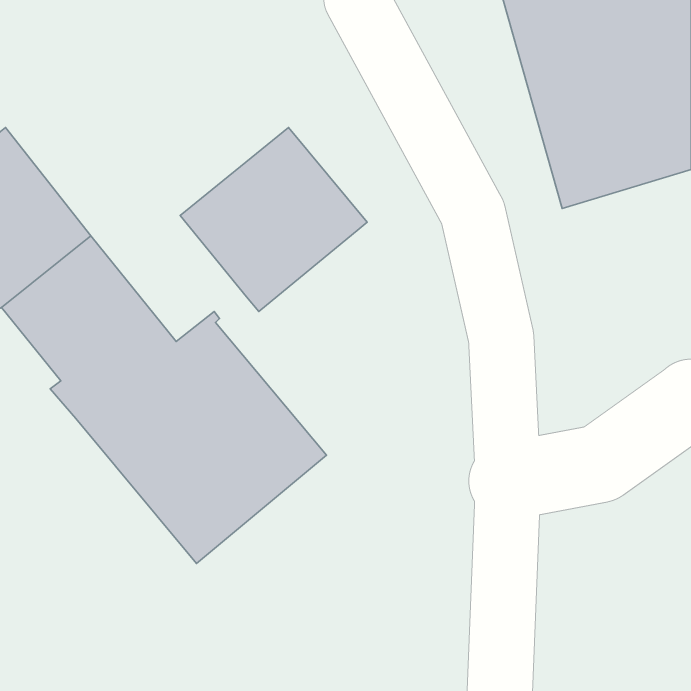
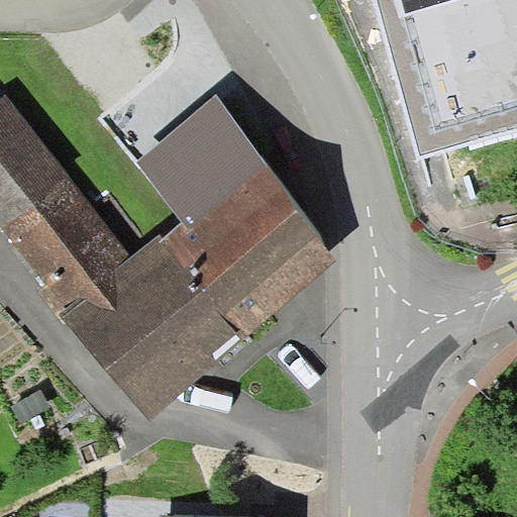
building: none -> [161,171,339,339]

